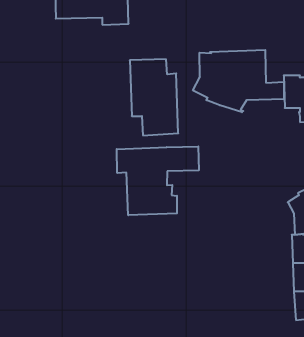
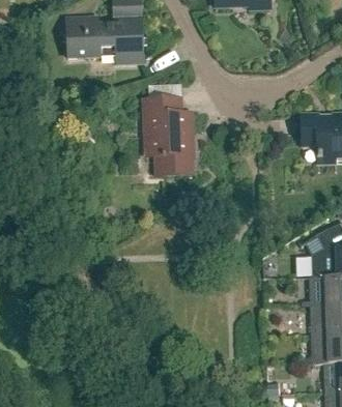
building: [193,50,284,112] -> none
building: [117,146,199,215] -> none

